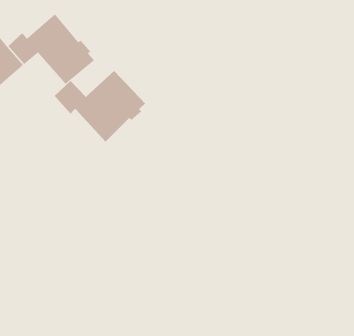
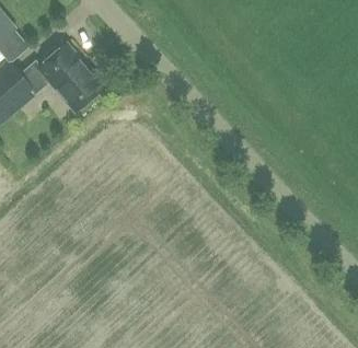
building: [54,70,146,143] -> none

